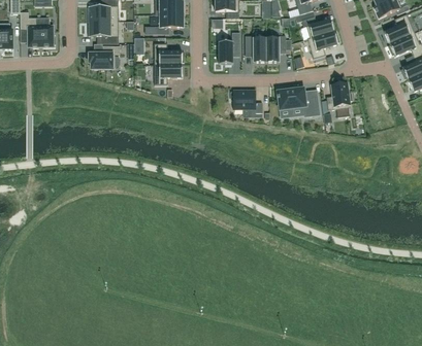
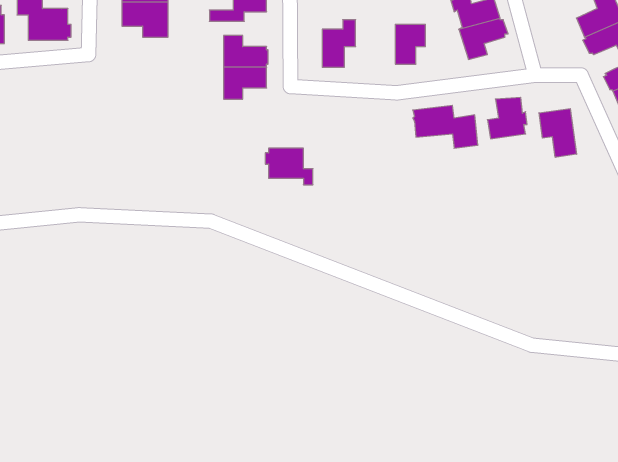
building: [246,35,266,61] -> none
building: [89,45,120,68] -> none
building: [231,89,262,112] -> [265,148,313,185]
building: none -> [539,109,577,157]

